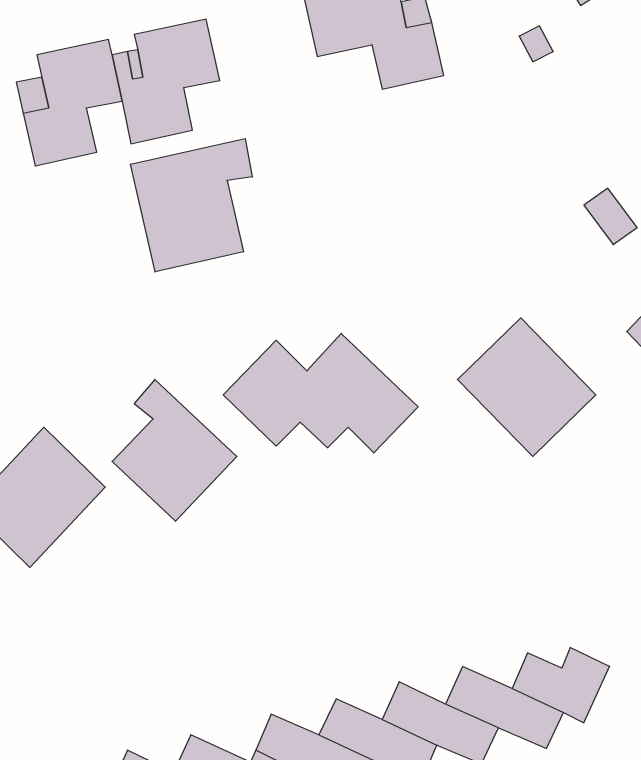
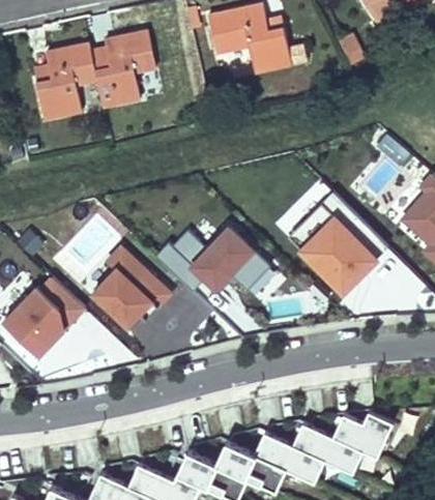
building: [131,139,252,272] -> none

